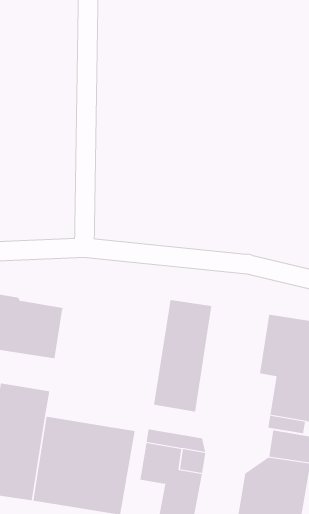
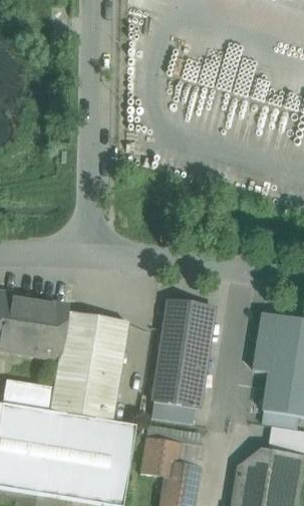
building: none -> [49,310,127,421]
building: none -> [150,400,194,423]

